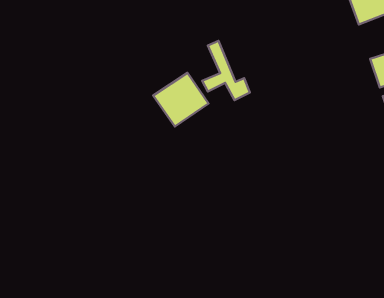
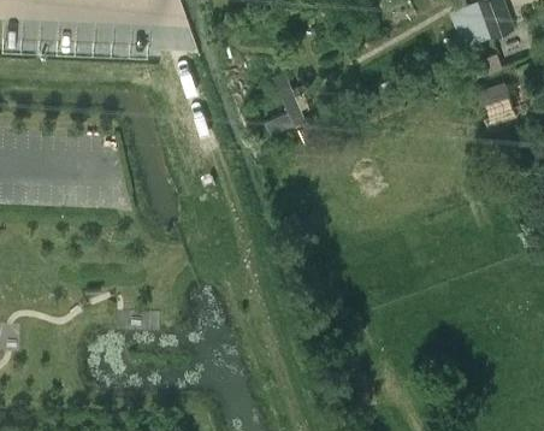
building: [153,73,208,127] -> none

